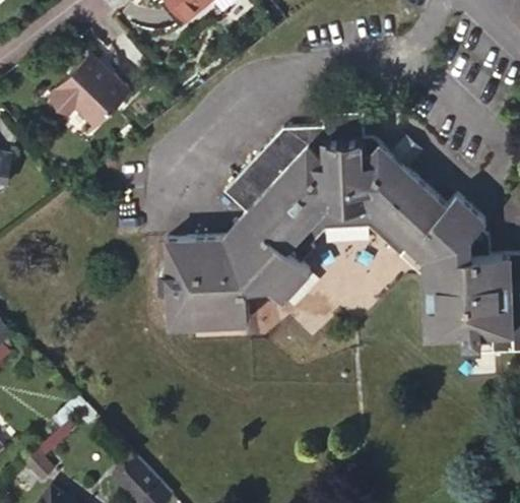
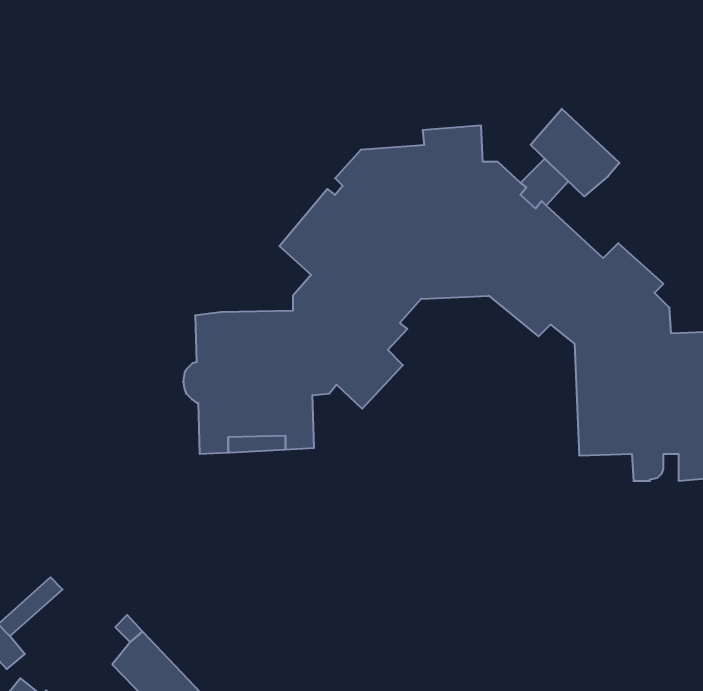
building: [50,58,129,130] -> none
building: none -> [531,109,620,196]

